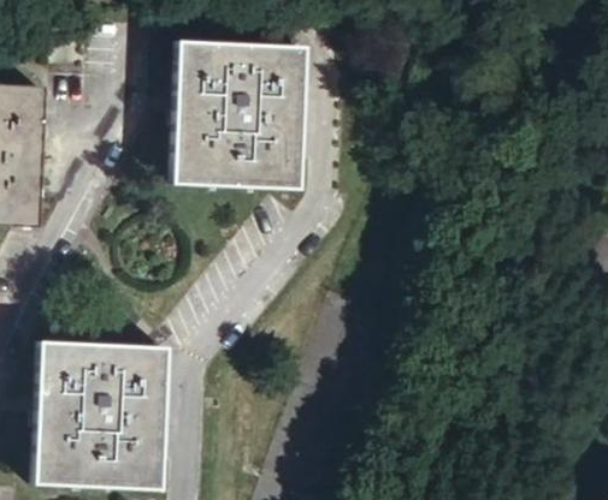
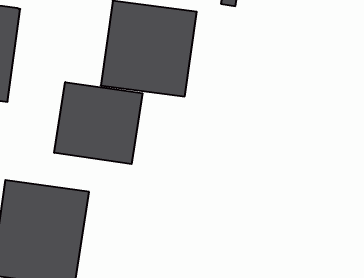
building: none -> [54,82,143,164]

